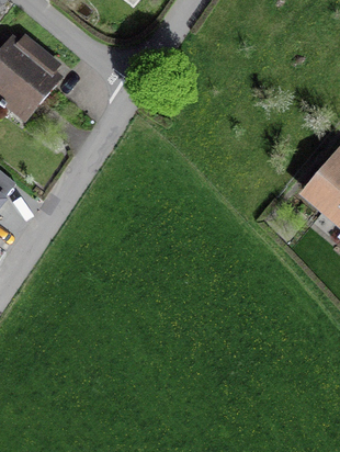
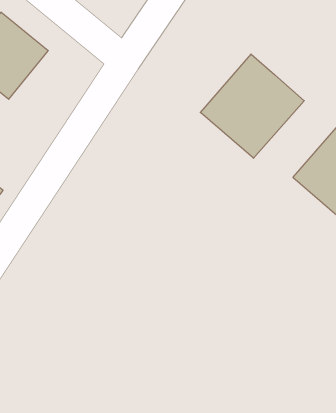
building: none -> [200,54,304,158]

